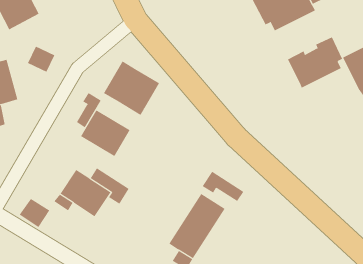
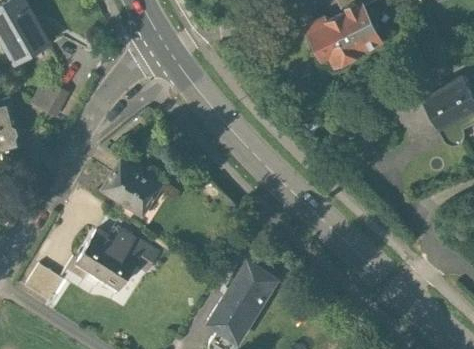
building: [287,37,343,88] -> none
building: [103,61,160,116] -> none
building: [76,92,101,128] -> none
building: [202,171,244,202] -> none

